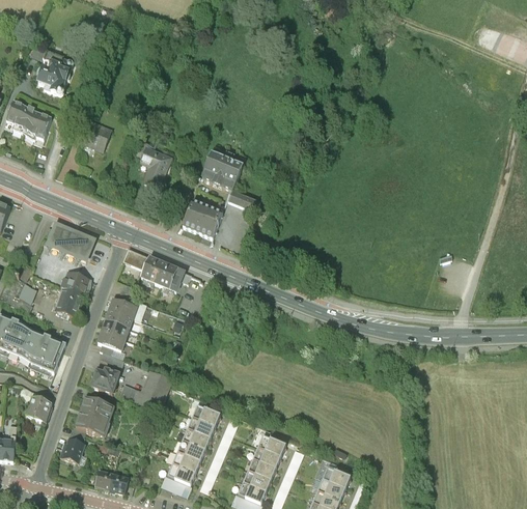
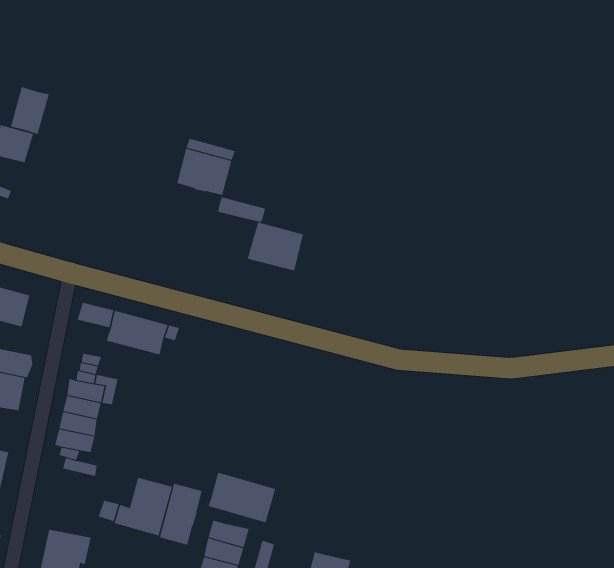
building: none -> [10,86,50,135]
building: [139,146,170,186] -> none
building: [182,200,222,236] -> [247,222,304,271]
building: [90,365,118,393] -> none
building: none -> [208,472,276,523]
building: none -> [159,483,202,545]

